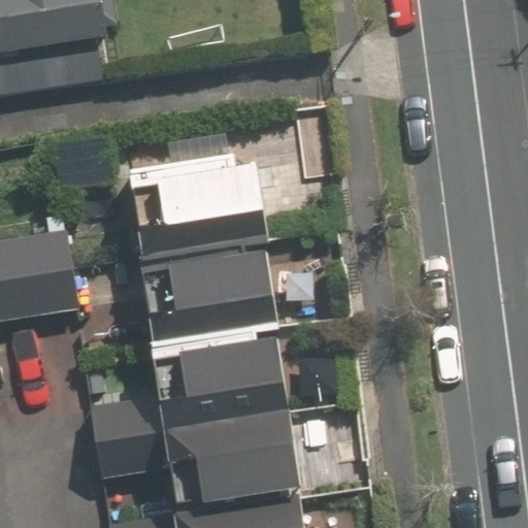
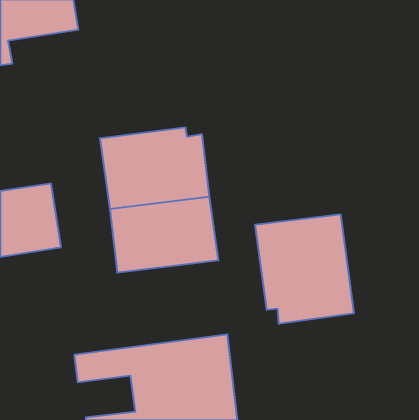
building: none -> [255,214,354,324]
building: [91,326,288,444] -> none

